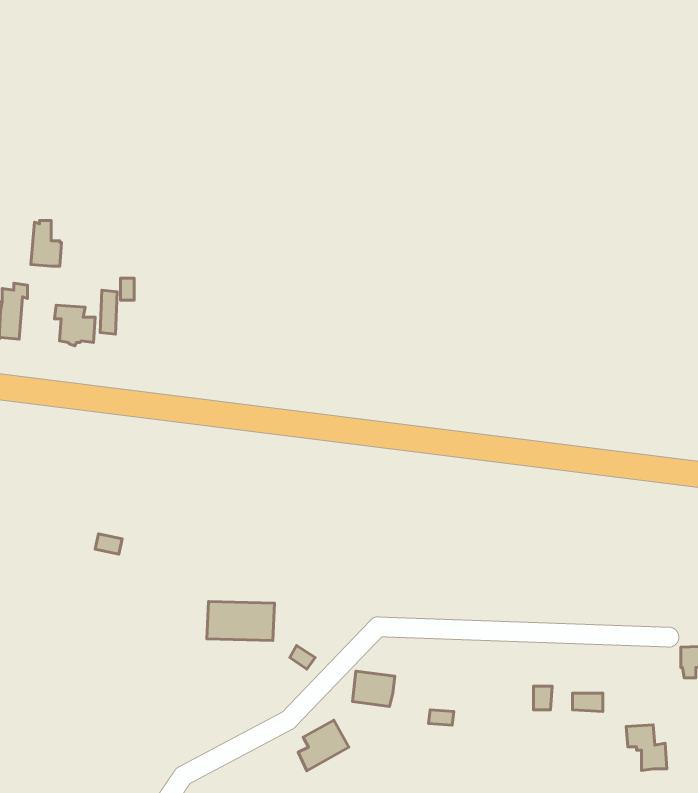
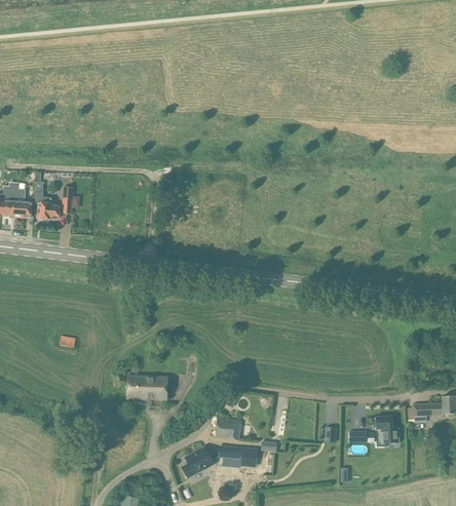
building: [31,221,61,266] -> [12,190,31,218]
building: none -> [218,445,257,467]
building: [626,725,667,770] -> [374,416,398,443]

